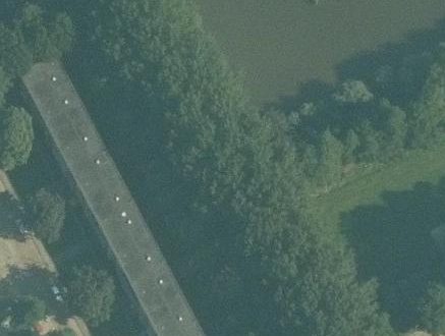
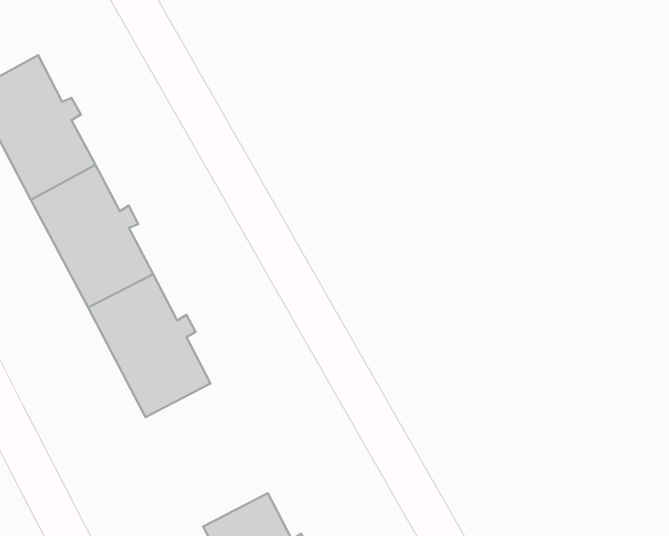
building: [117,241,184,320] -> none

